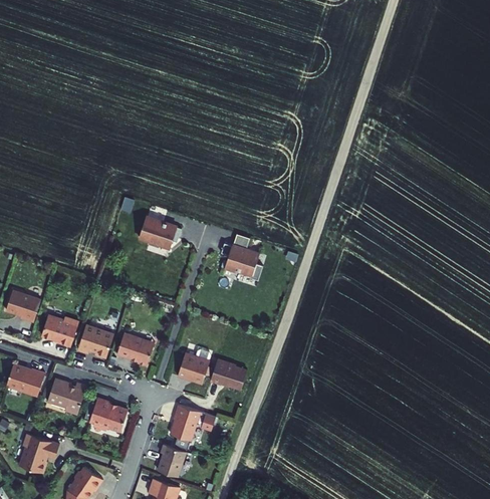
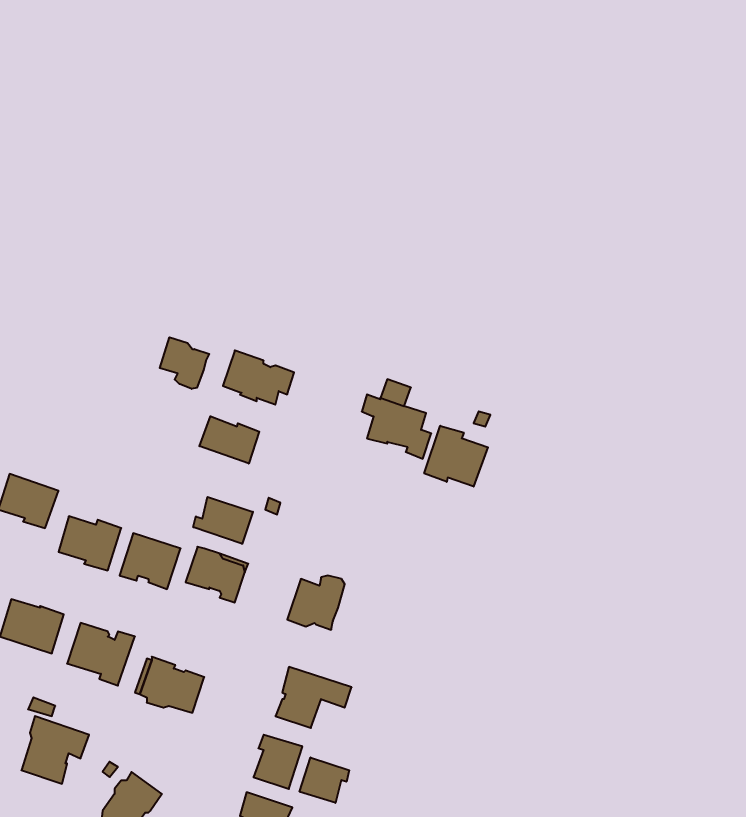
building: none -> [160,337,209,389]
building: none -> [199,416,259,464]
building: none -> [424,426,488,487]
building: none -> [193,497,253,544]
building: [210,359,246,390] -> none
building: none -> [300,757,349,803]

